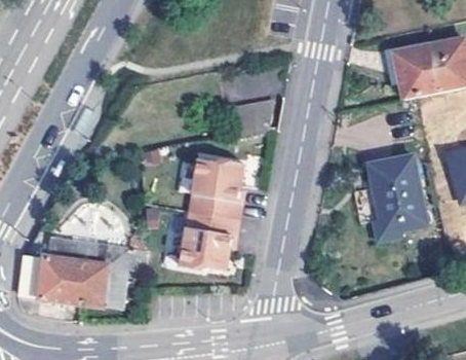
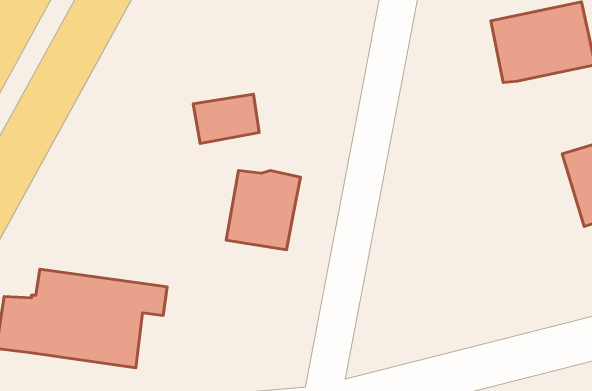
building: [226,102,275,139] -> [193,94,259,143]
building: [365,151,431,241] -> none
building: [182,215,236,274] -> none

